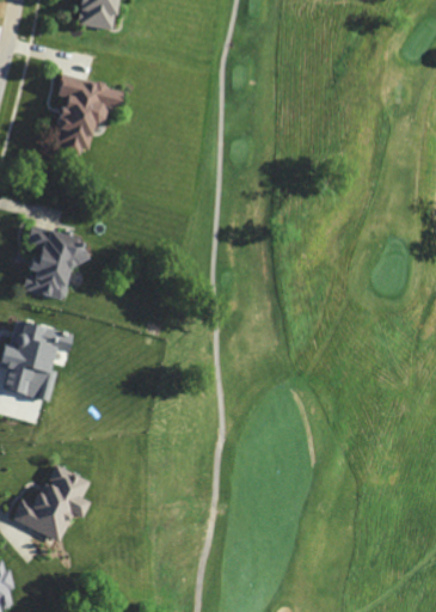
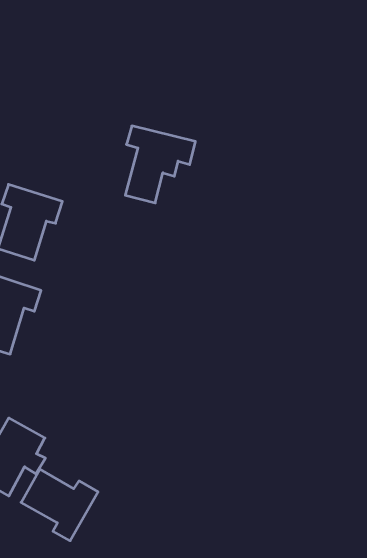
building: [51,78,121,153] -> [125,126,195,203]
building: none -> [21,469,98,541]

